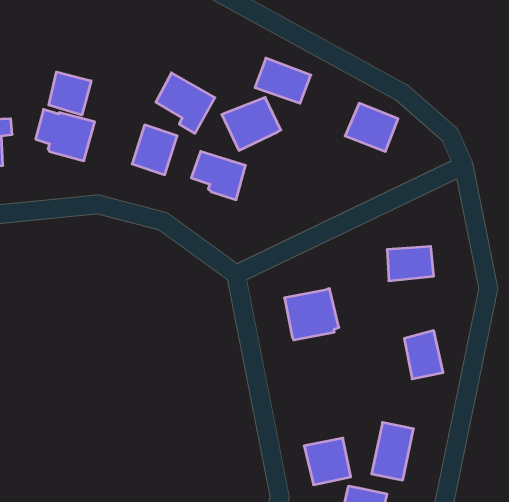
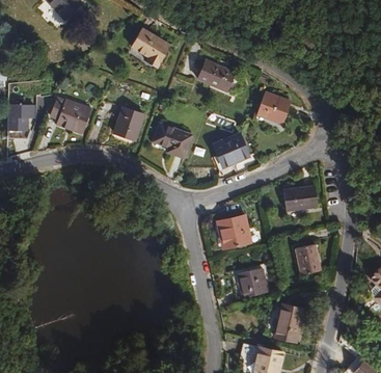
building: [49,72,91,115] -> none
building: [156,73,215,133] -> [133,27,172,68]
building: [222,97,281,150] -> [212,134,251,169]
building: [304,438,351,485] -> [237,267,268,298]

